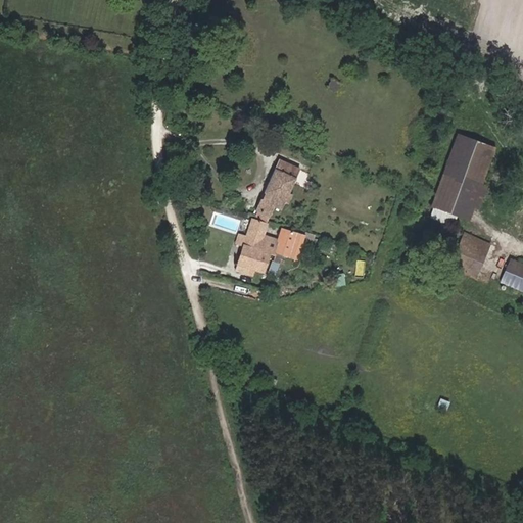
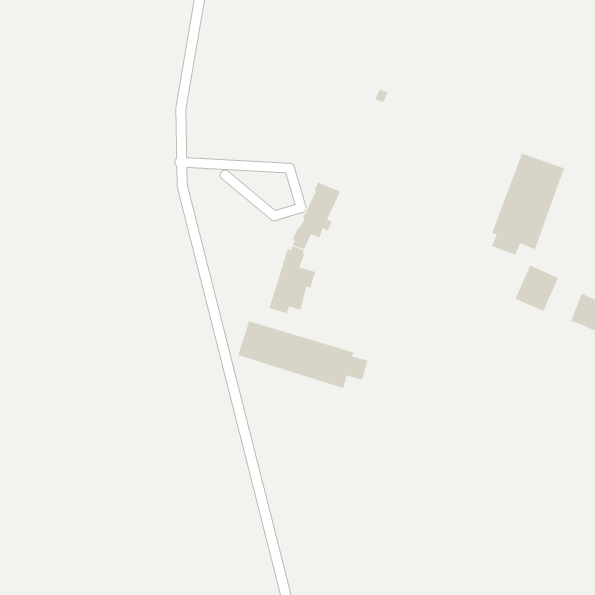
building: [274,228,306,258] -> none
building: none -> [237,320,368,389]

